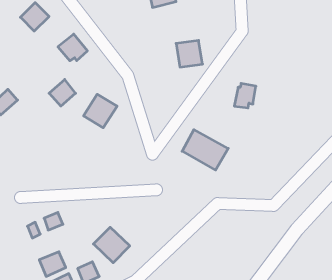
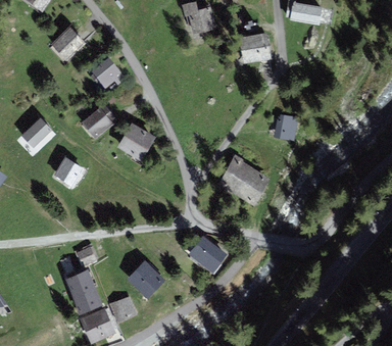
building: [176,40,203,67] -> [240,34,267,61]
building: none -> [53,158,83,187]
building: none -> [190,237,228,273]
building: none -> [64,269,92,295]

